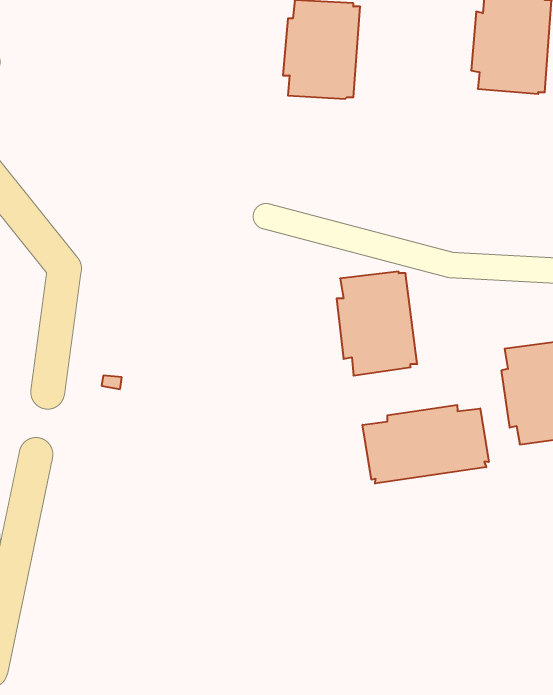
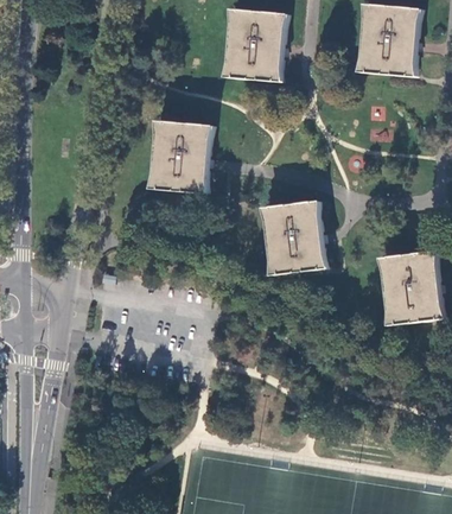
building: none -> [152,123,214,196]
building: [363,405,489,484] -> none

